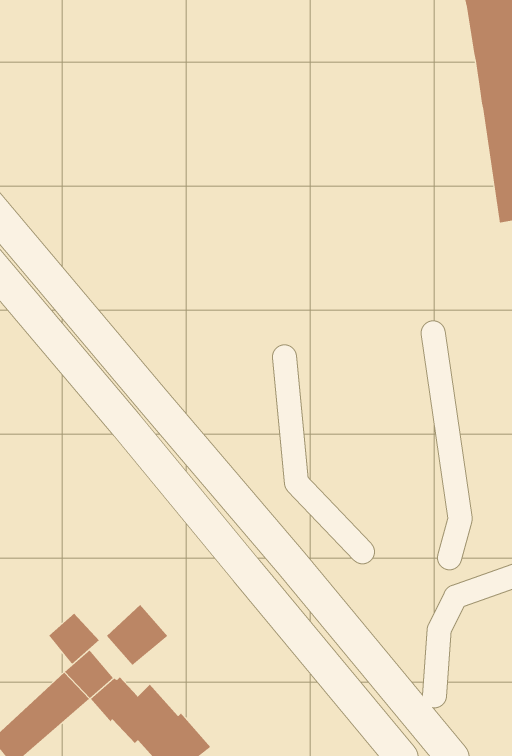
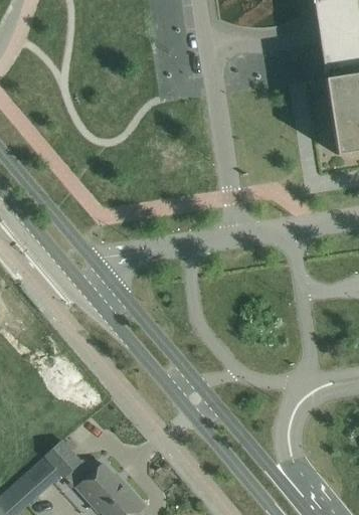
building: [106,604,168,666] -> none
building: [48,613,100,665] -> none

